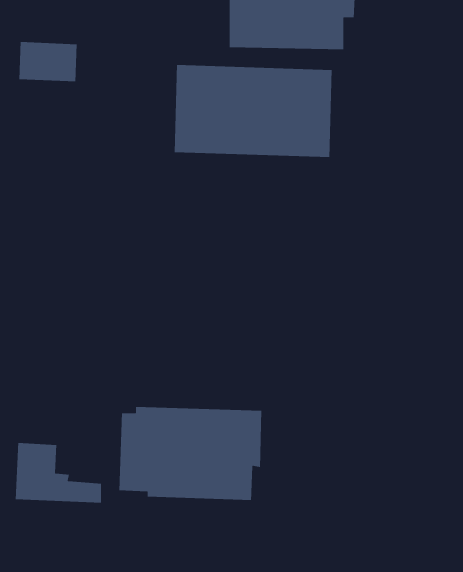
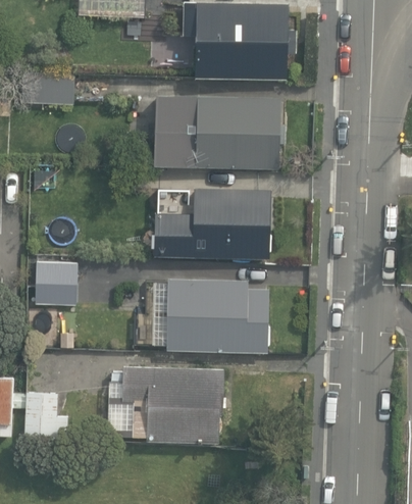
building: none -> [153,188,270,260]
building: none -> [34,259,78,305]
building: none -> [166,276,267,348]

